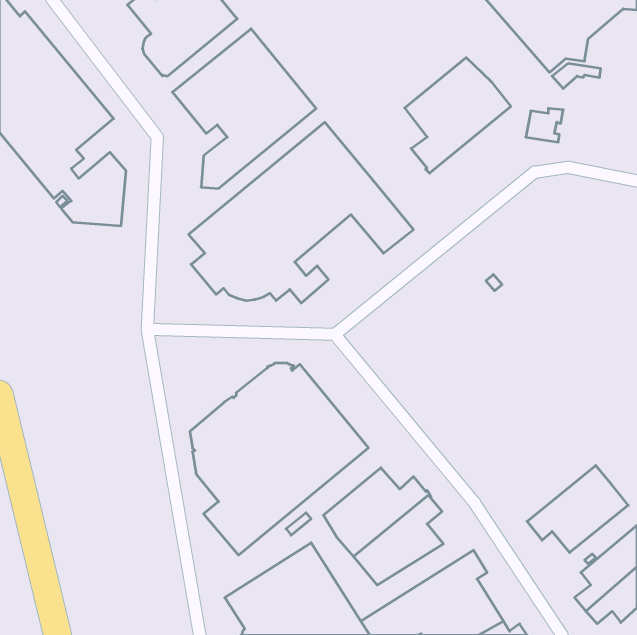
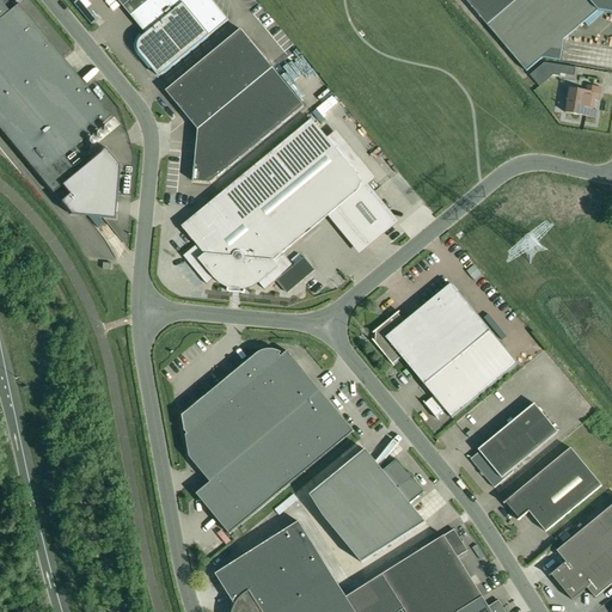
building: [405,58,511,173] -> none
building: [526,108,563,142] -> [564,84,600,116]
building: none -> [373,281,516,416]
building: none -> [470,402,557,485]

